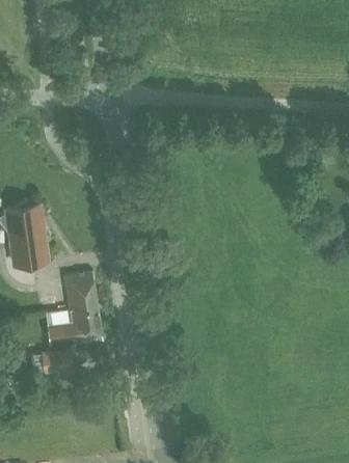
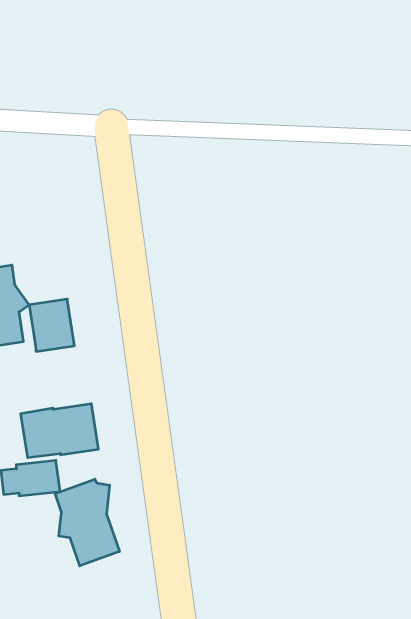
building: [63,270,97,308] -> [29,299,74,351]
building: none -> [55,479,119,566]

